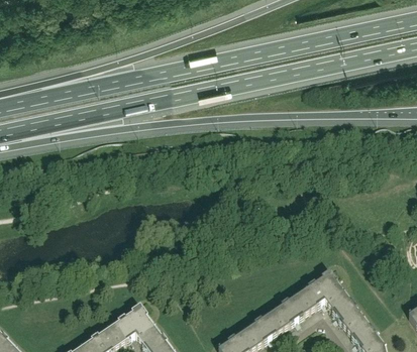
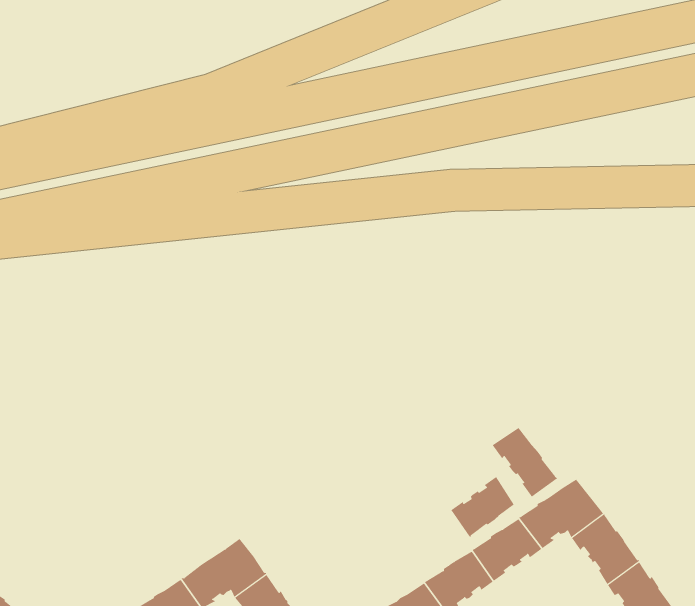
building: none -> [492,427,557,497]
building: none -> [450,476,514,537]

